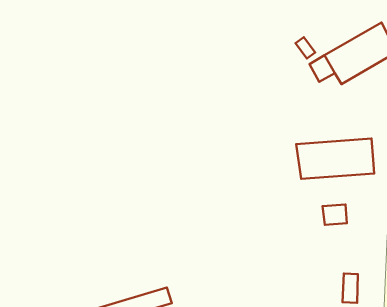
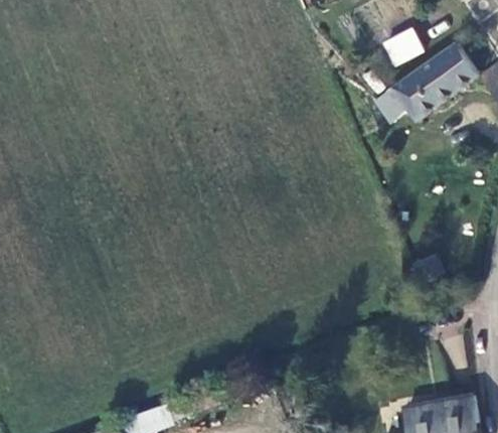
building: none -> [377,25,422,67]
building: [296,138,374,179] -> none

